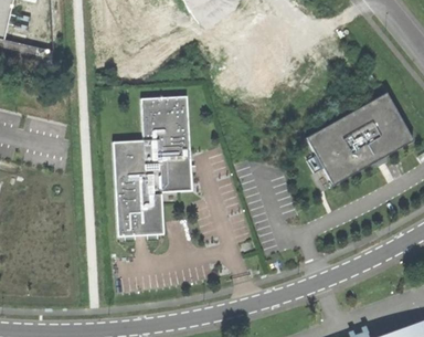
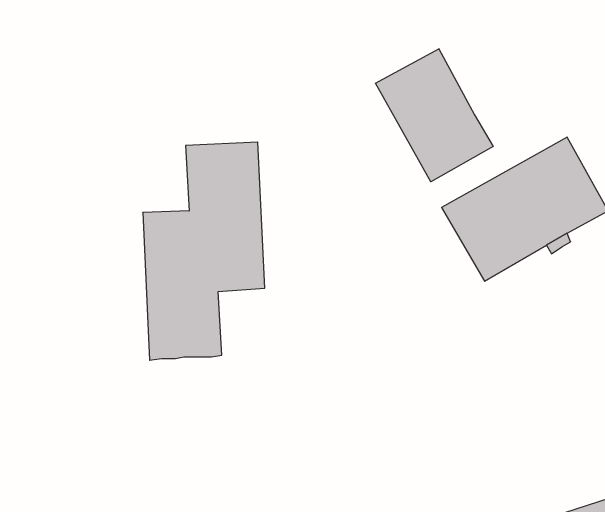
building: none -> [375,49,493,182]

